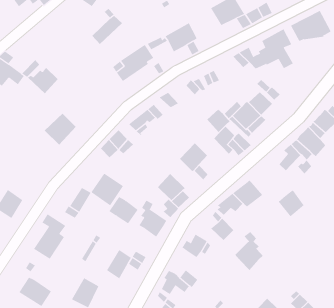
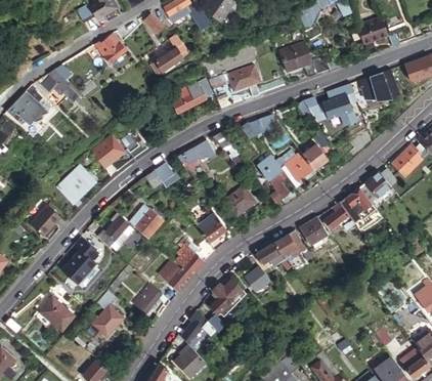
building: [27,67,59,94] -> [95,35,127,62]
building: none -> [57,165,96,203]
building: [278,190,304,217] -> [300,217,327,245]
building: [109,195,139,224] -> [159,259,189,290]
building: [235,231,264,271] -> none

